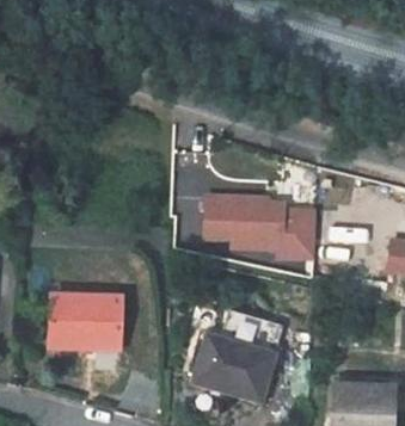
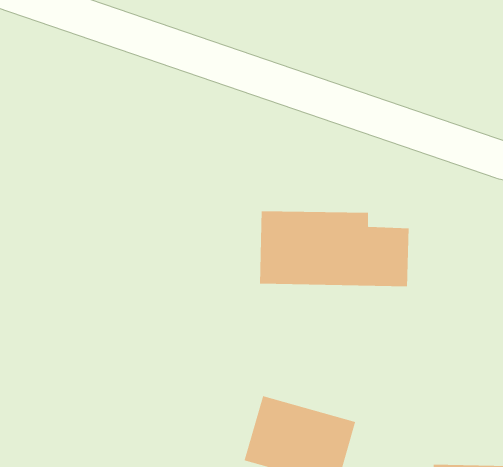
building: [51,295,121,348] -> none

